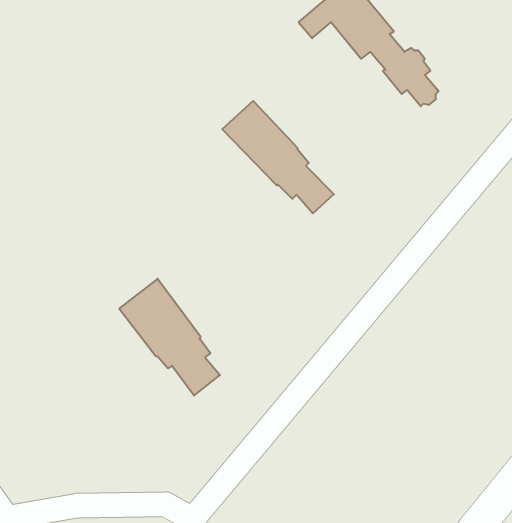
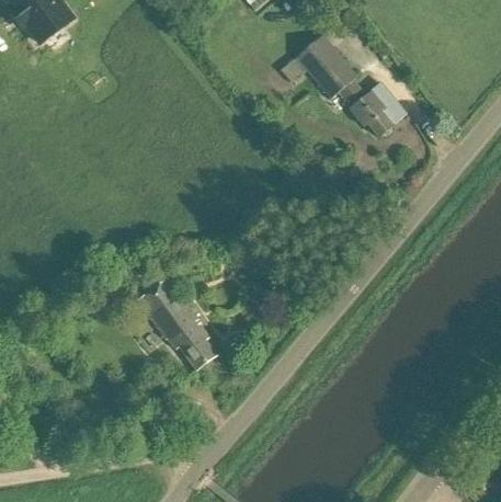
building: [222,101,334,213] -> none

